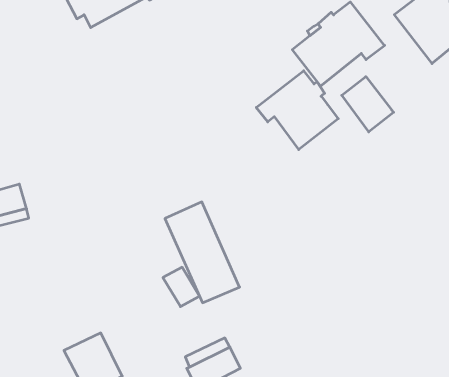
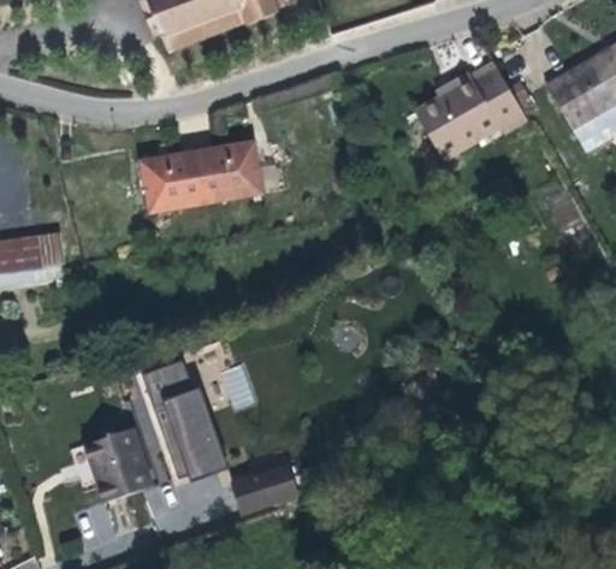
building: [256,71,338,150] -> none
building: [342,77,394,132] -> none
building: none -> [142,140,261,209]
building: [165,202,240,303] -> [144,356,225,480]

